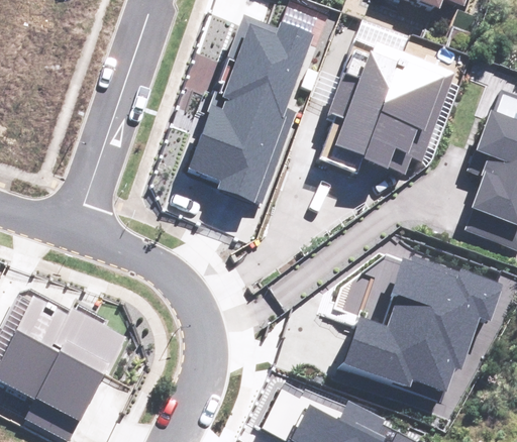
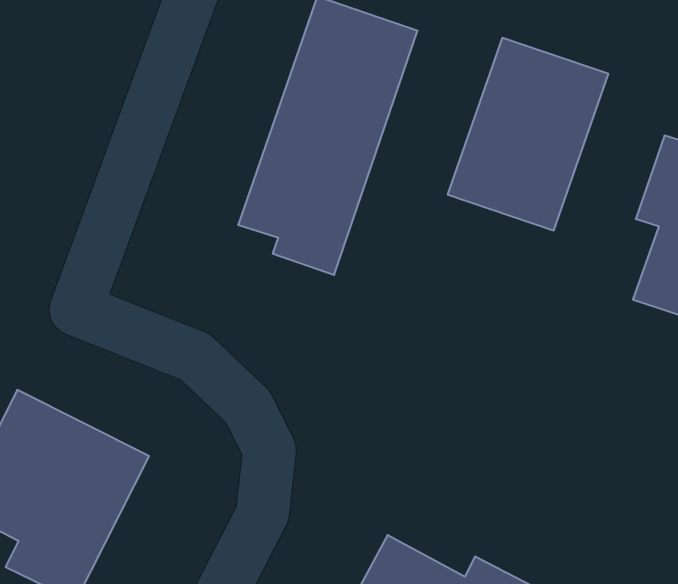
building: [339,254,489,402] -> none

